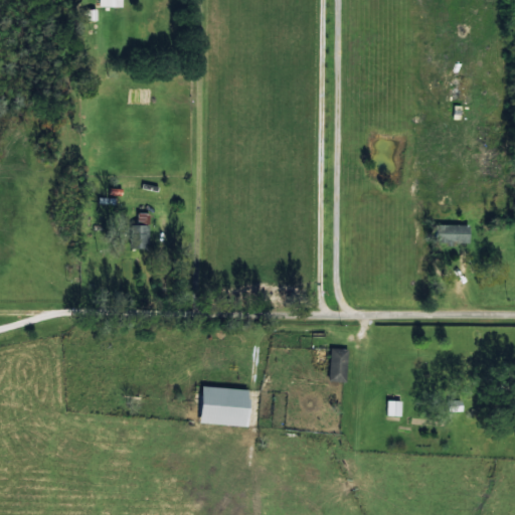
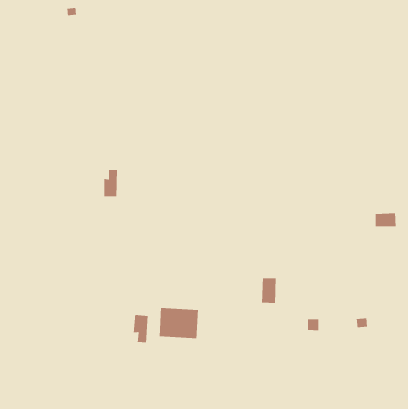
building: [445,224,472,242] -> [375,213,397,227]
building: none -> [133,314,149,343]

